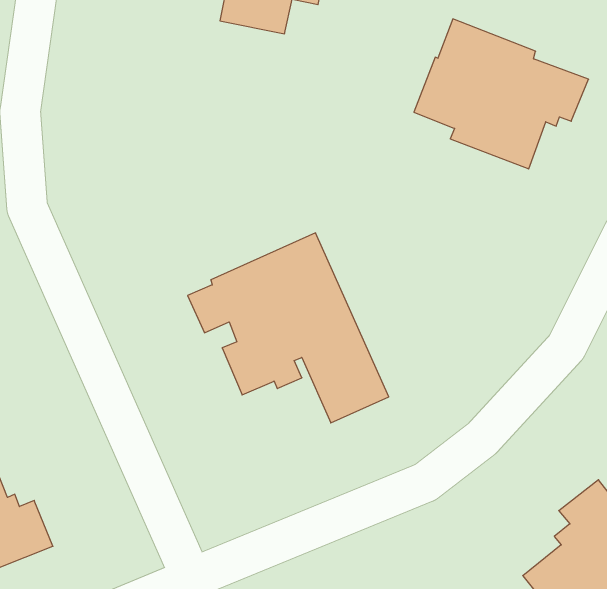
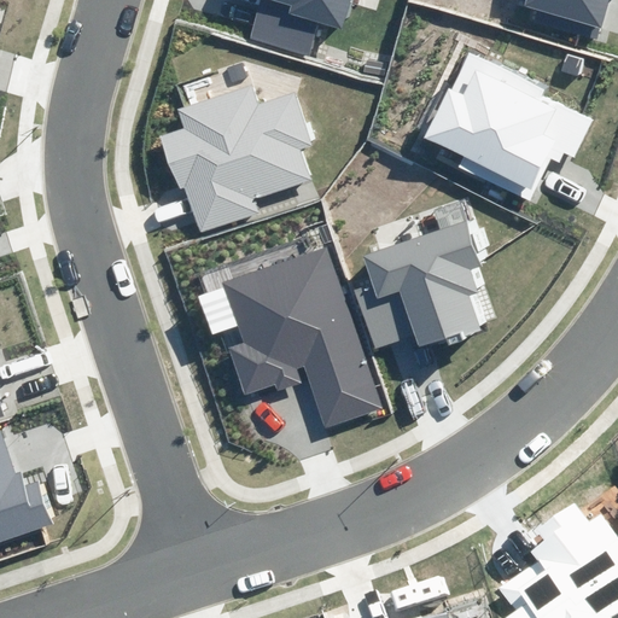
building: none -> [158,81,313,231]
building: none -> [354,221,480,348]

